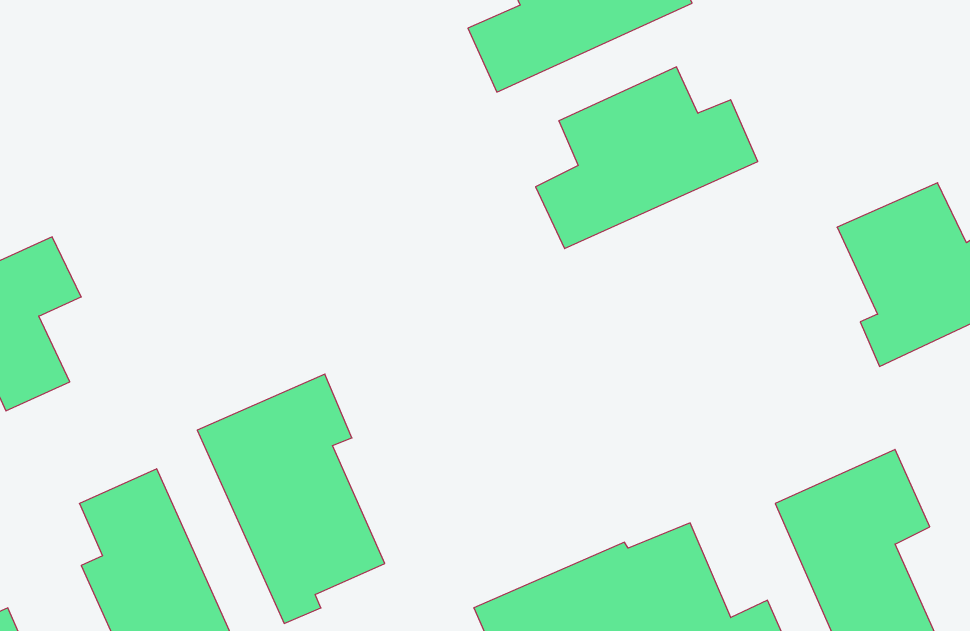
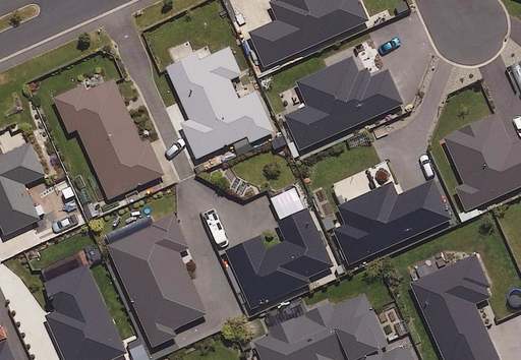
building: none -> [167,47,275,159]
building: none -> [54,80,163,199]
building: none -> [332,180,448,260]
building: none -> [224,208,336,307]

